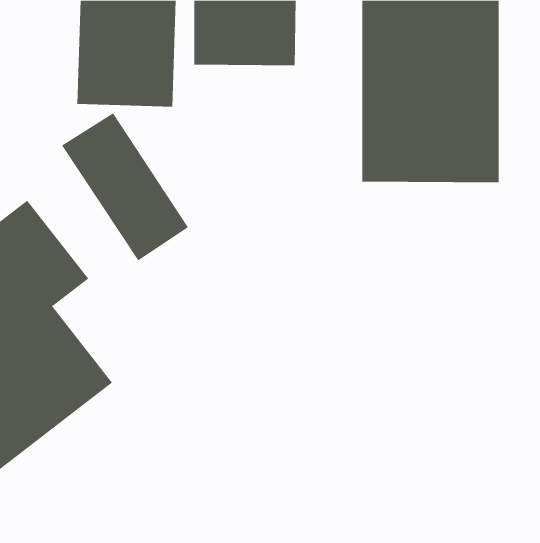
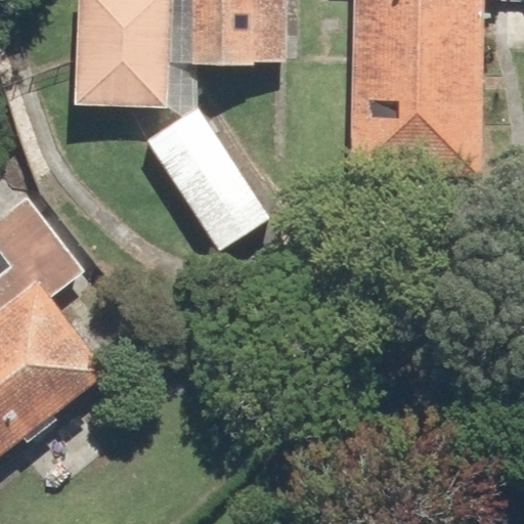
building: [61,112,189,261] -> [147,104,270,248]

